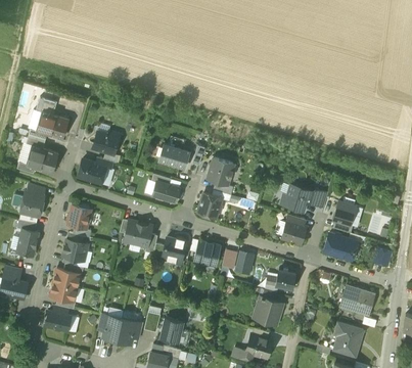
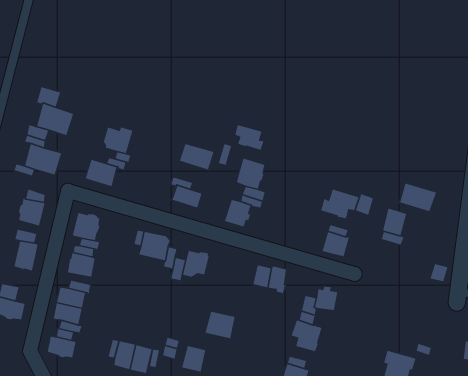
building: none -> [234,124,264,151]
building: [324,233,357,259] -> [399,183,437,212]
building: [193,241,220,266] -> [205,311,235,339]
building: [340,286,374,315] -> none

